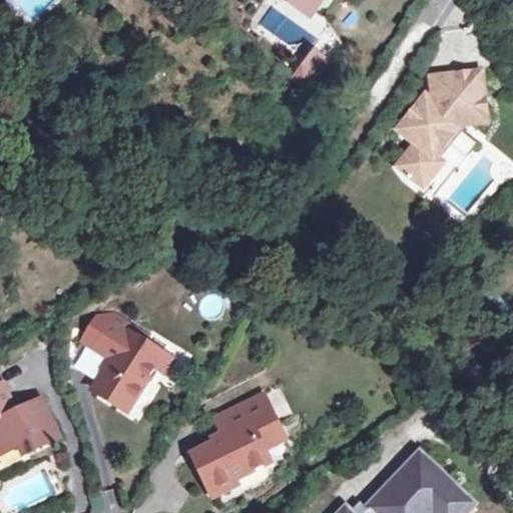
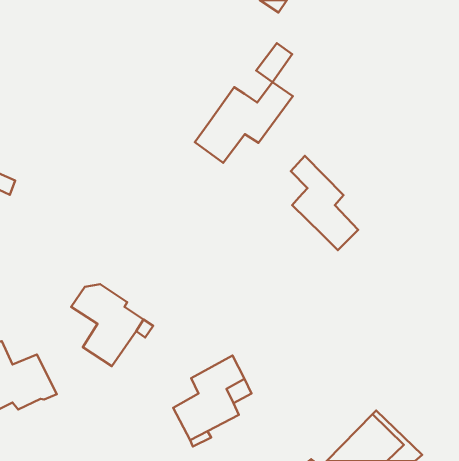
building: [395,71,484,185] -> none
building: none -> [195,82,293,163]
building: none -> [291,156,358,250]

